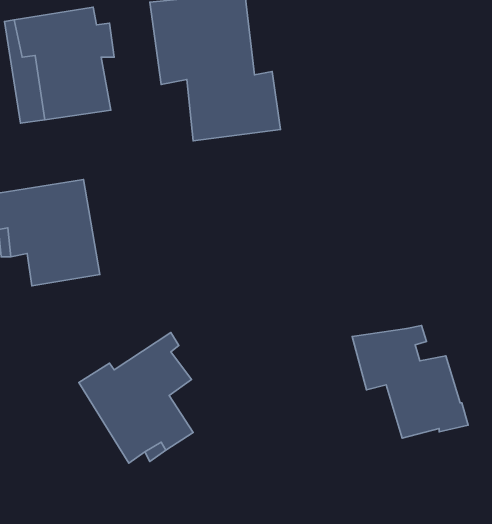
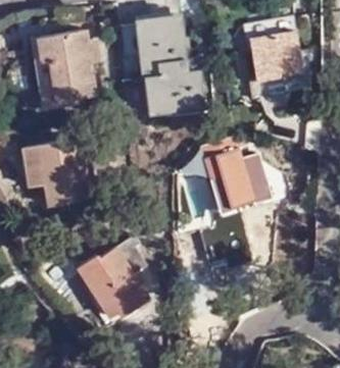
building: none -> [248,32,301,81]
building: [352,325,468,438] -> [200,139,274,210]

